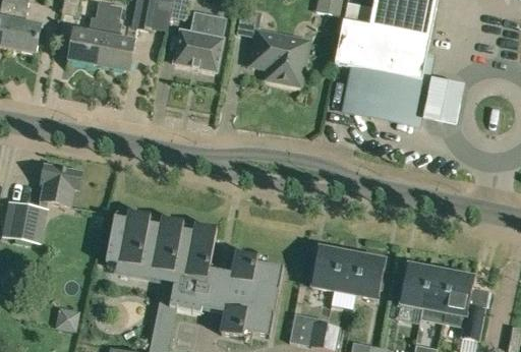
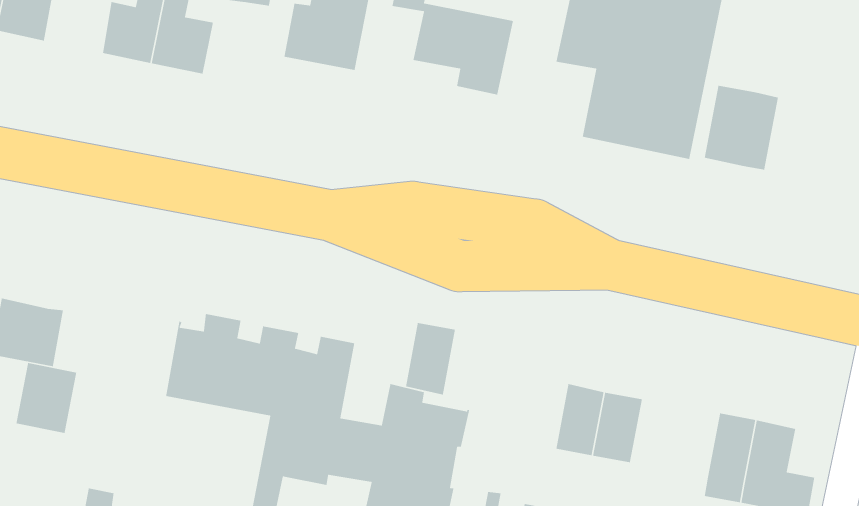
building: [40,164,82,204] -> none
building: none -> [15,362,77,434]
building: [311,247,341,290] -> [405,322,456,396]
building: [400,265,429,306] -> none

